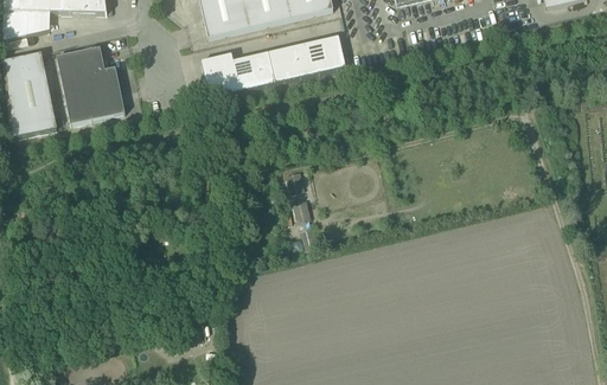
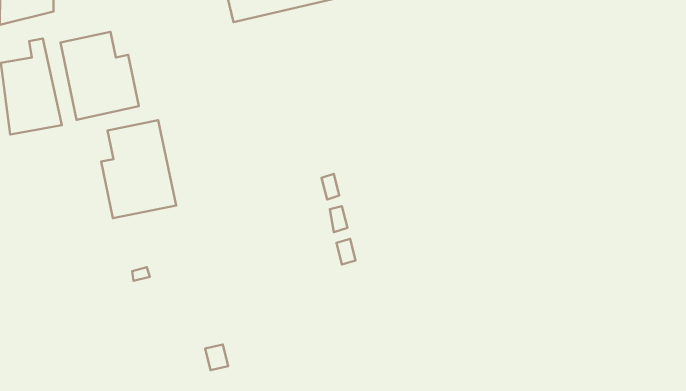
building: [200,34,345,97] -> none
building: none -> [101,120,176,218]

